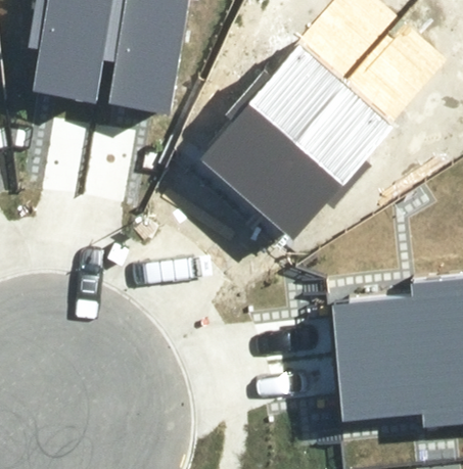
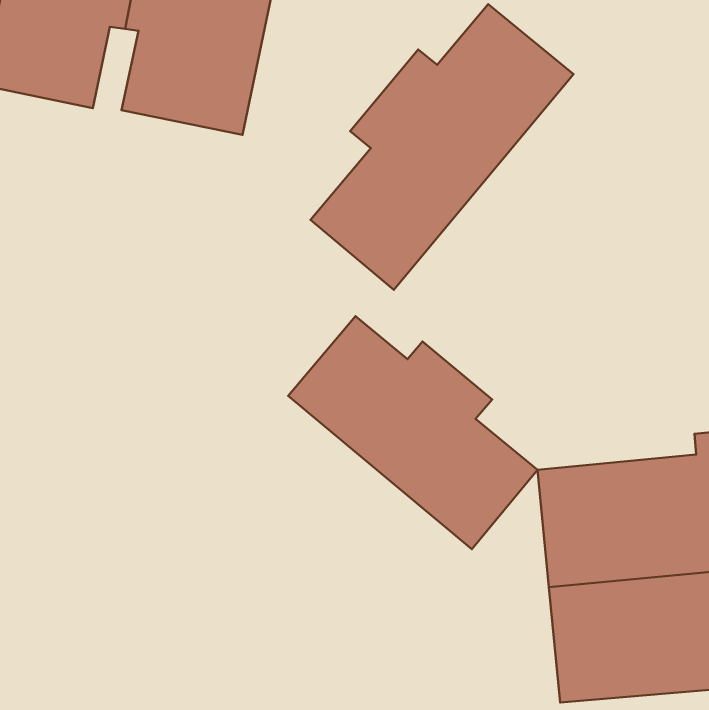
building: [249,84,391,238] -> none
building: none -> [288,316,537,549]

